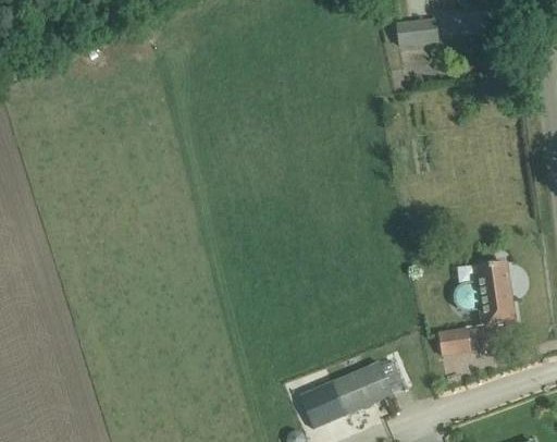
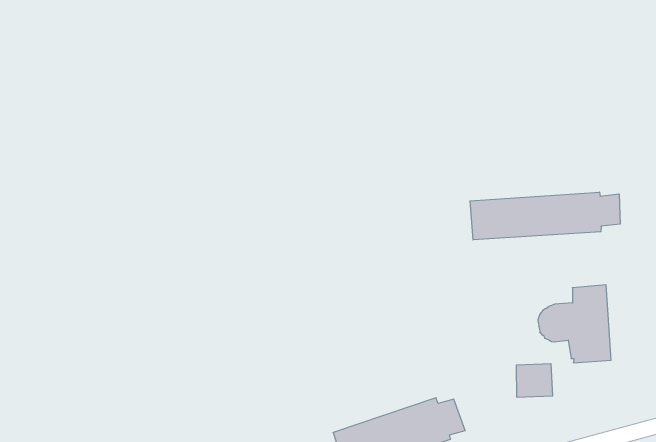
building: none -> [470,192,620,240]

